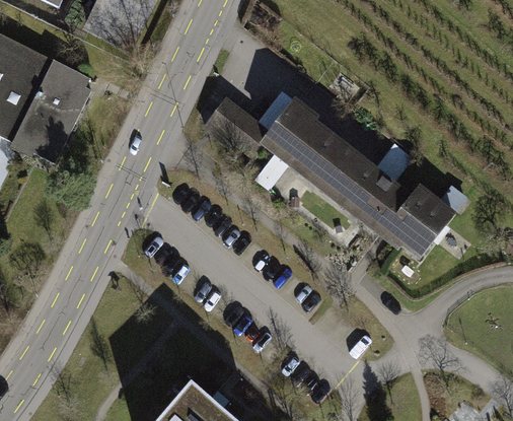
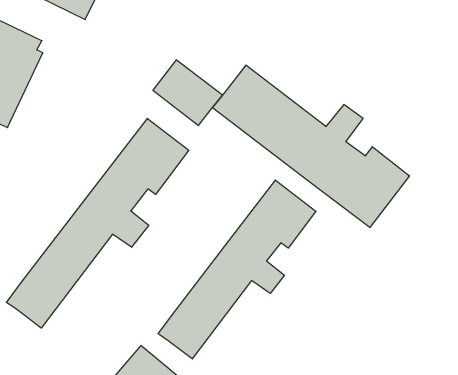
building: none -> [6,118,189,328]
building: none -> [158,180,316,359]

